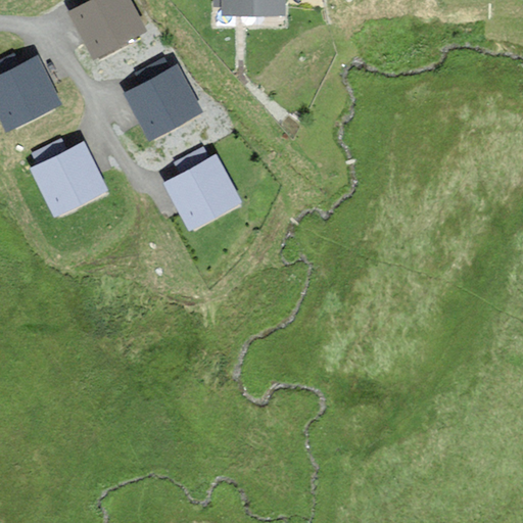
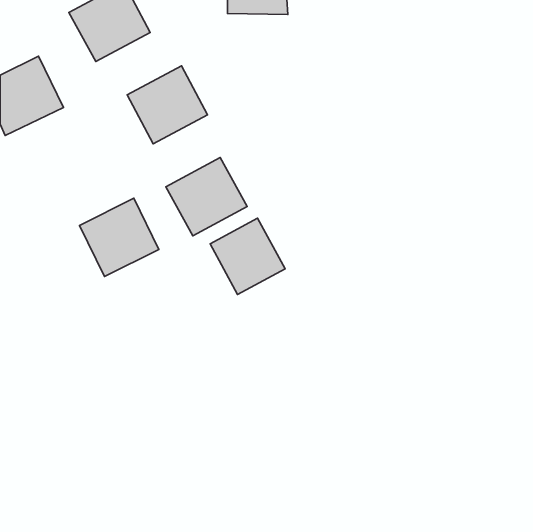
building: [31,141,108,218] -> [80,198,159,277]
building: none -> [210,218,285,295]

